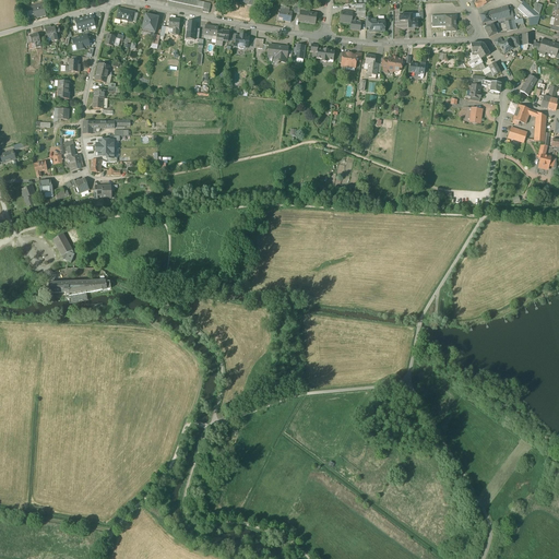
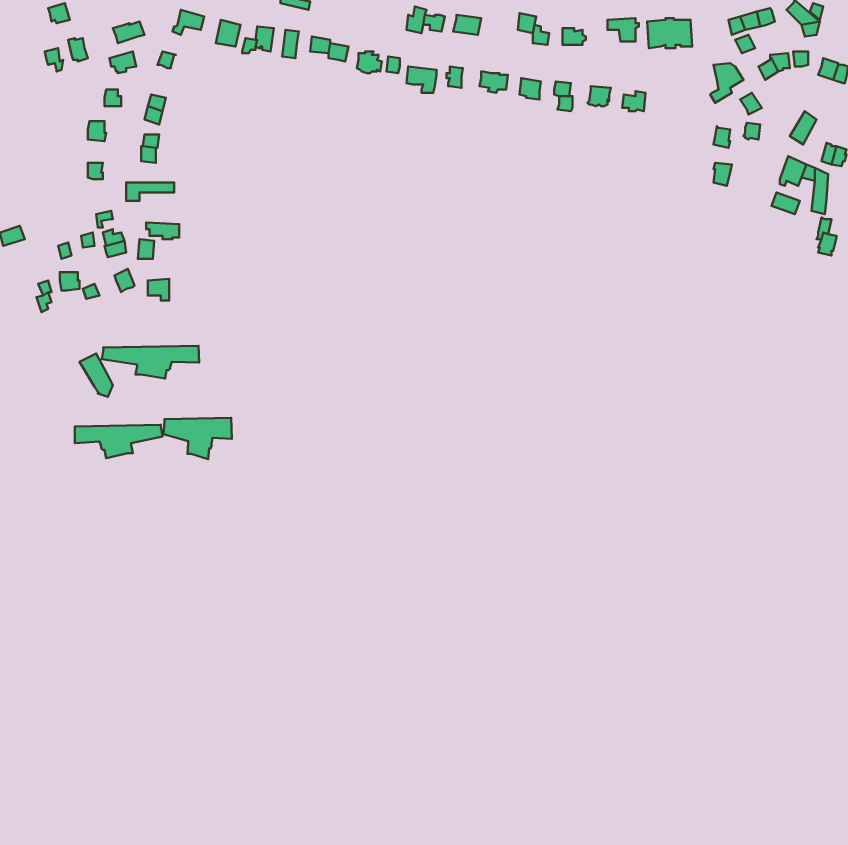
building: none -> [102,346,199,379]
building: none -> [164,418,232,459]

